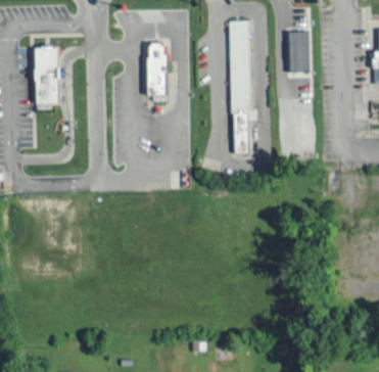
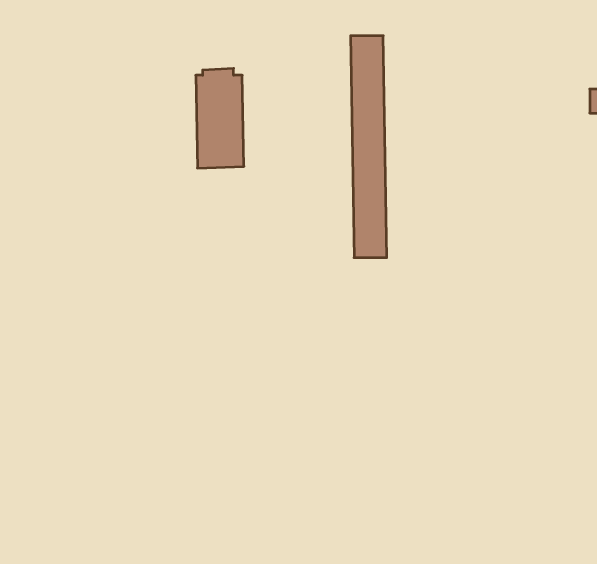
building: [286,32,313,73] -> none
building: [35,54,61,112] -> none

